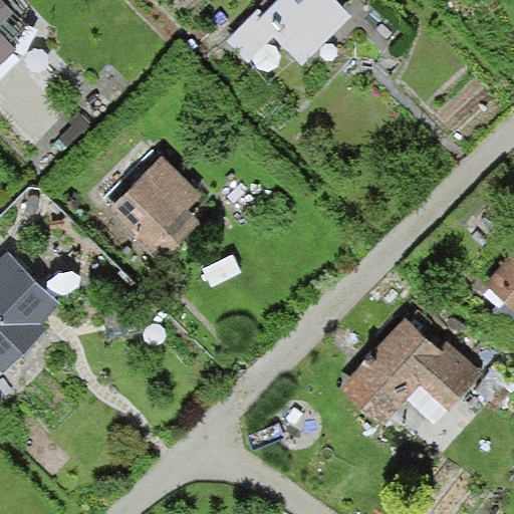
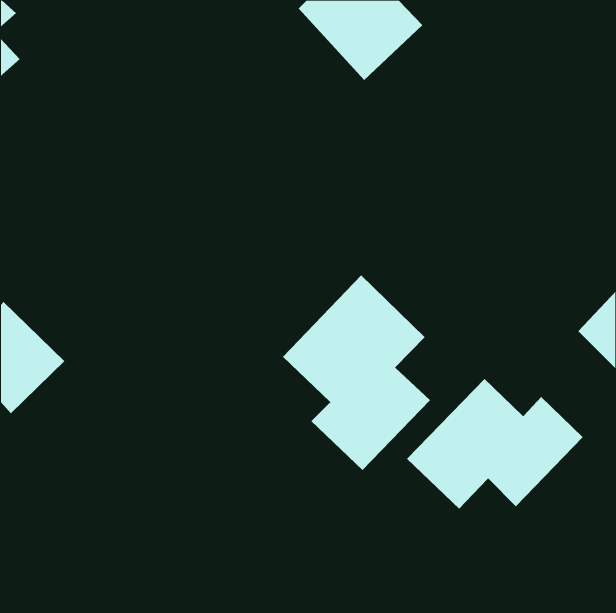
building: [99,156,210,265] -> none
building: none -> [282,275,431,471]

